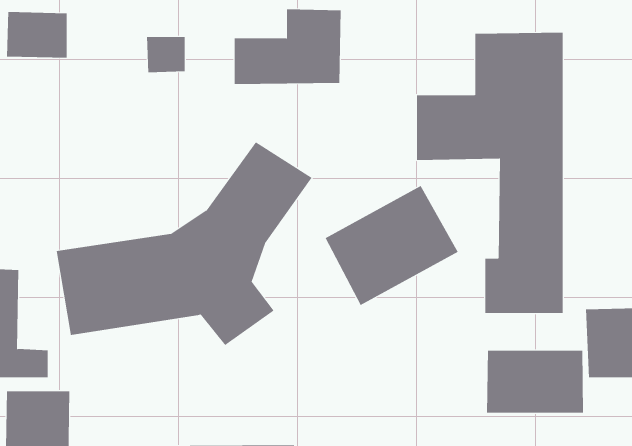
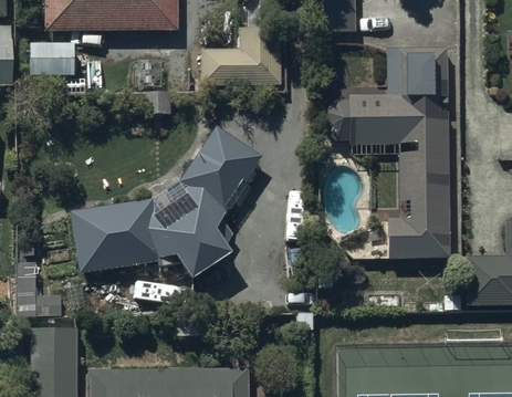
building: [325,185,458,306] -> none
building: [487,350,583,413] -> none

